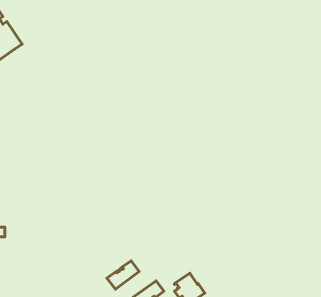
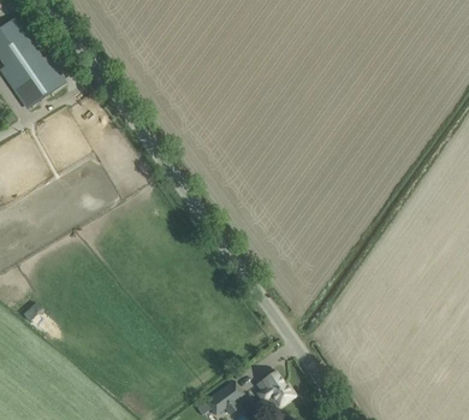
building: [107,261,139,289] -> none

